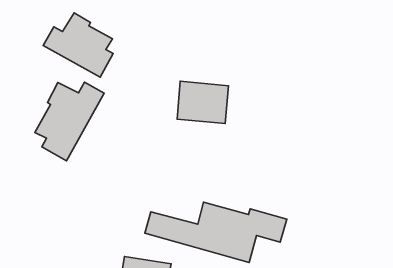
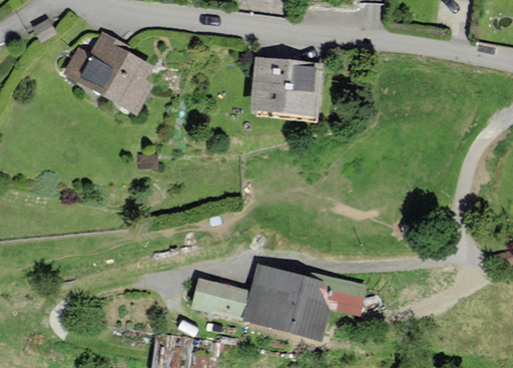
building: [177,81,228,123] -> [253,59,317,111]
building: [35,82,104,161] -> none

